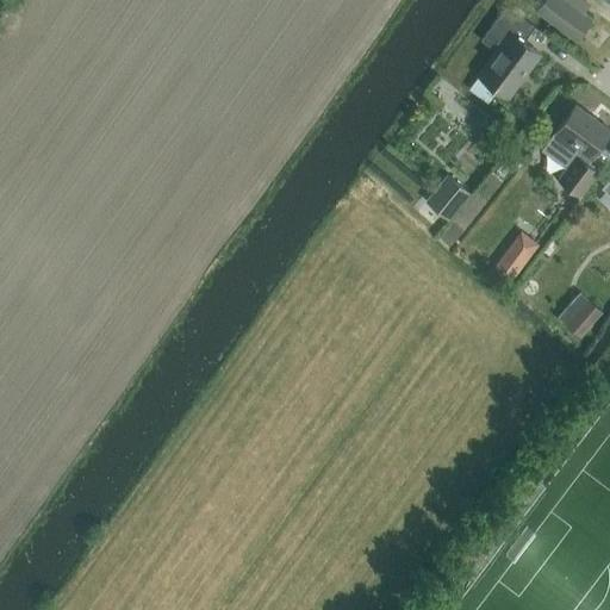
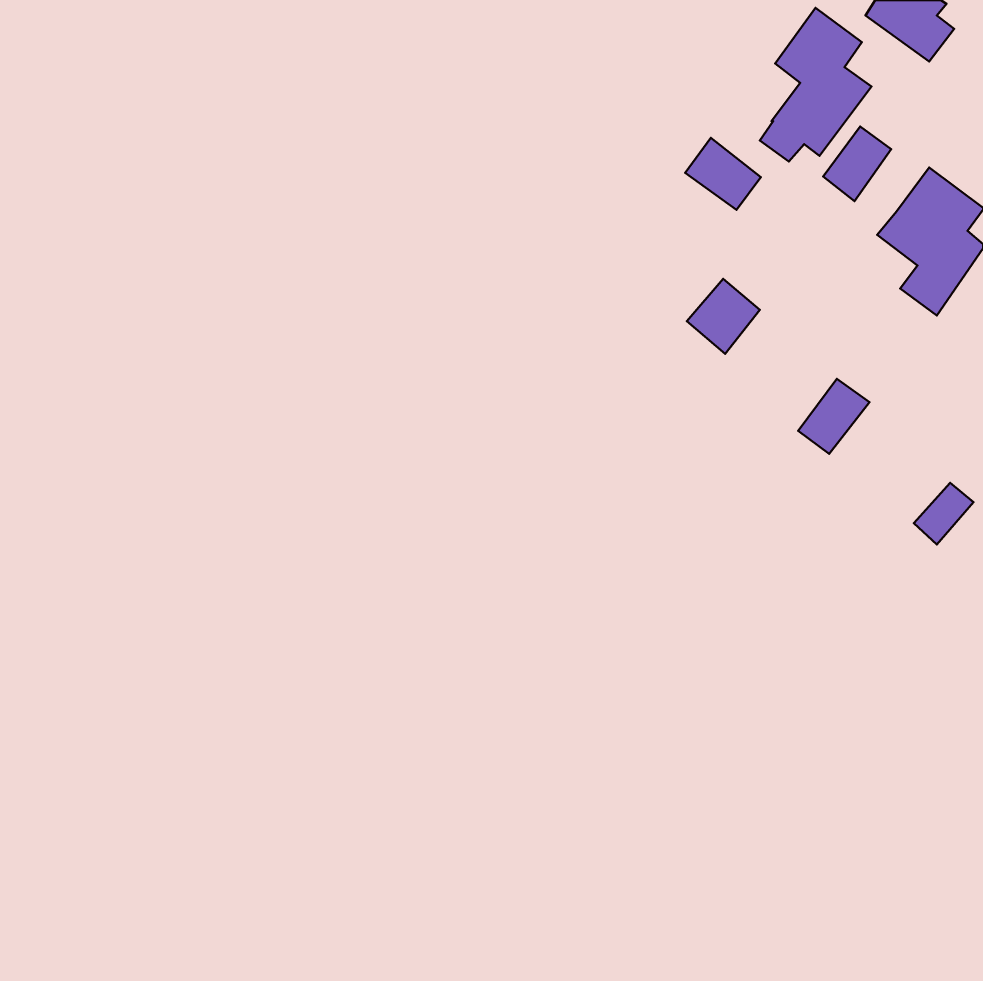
building: none -> [823,127,891,201]
building: none -> [685,138,761,210]

